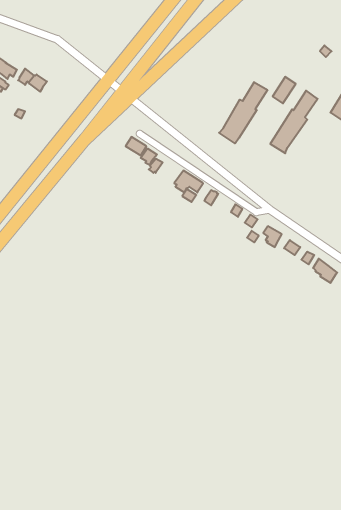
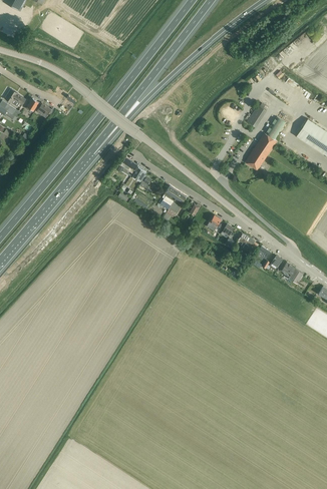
building: [219,82,267,143] -> none

